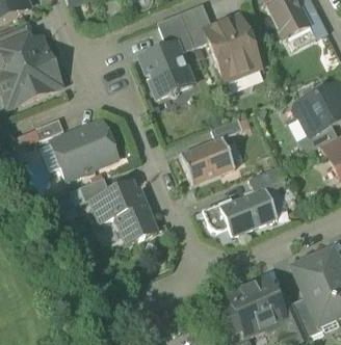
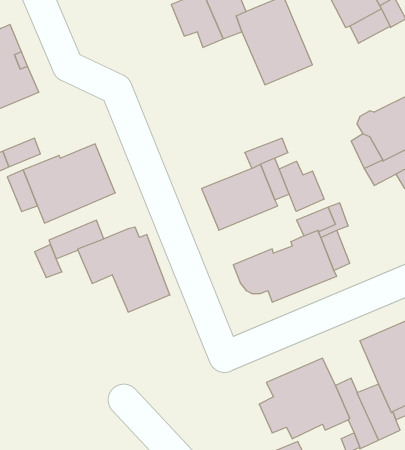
building: [140,42,193,99] -> none
building: none -> [279,161,324,211]

